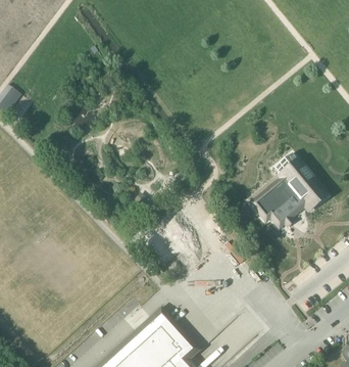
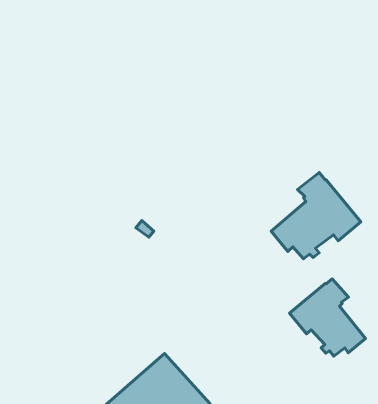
building: none -> [289,279,365,356]

